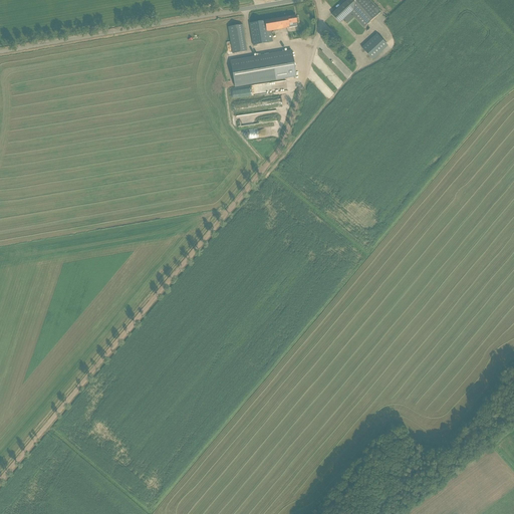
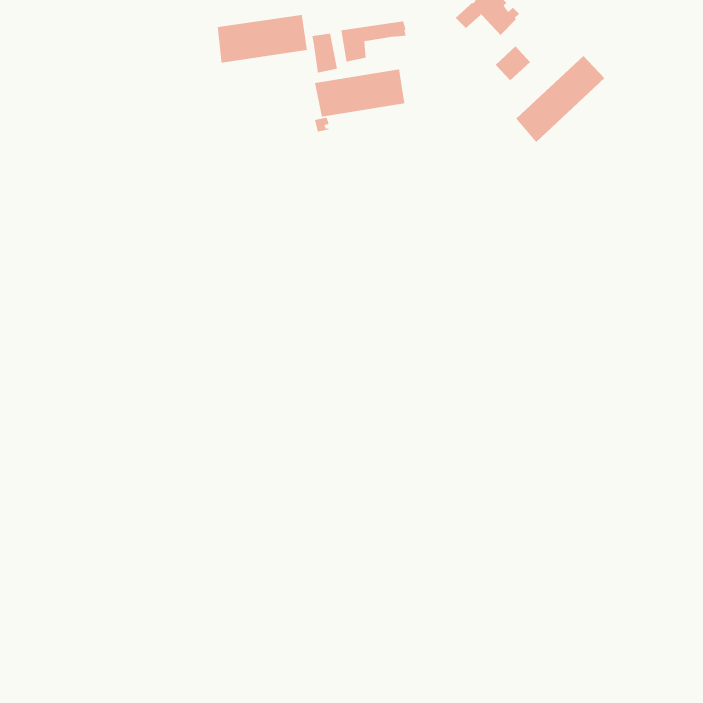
building: none -> [217,14,308,63]
building: none -> [515,55,605,143]

